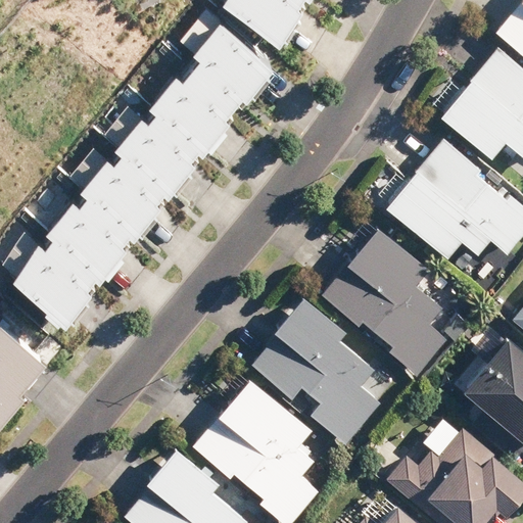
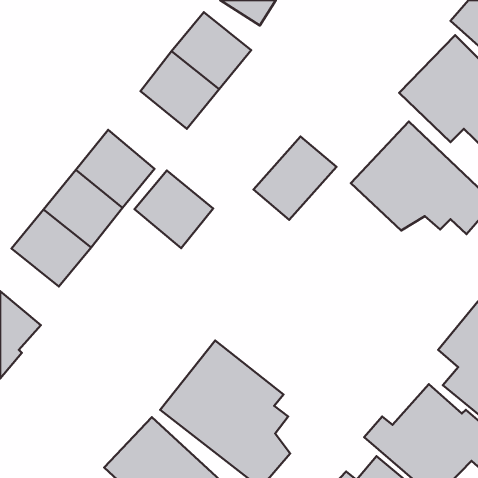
building: [124,105,208,189] -> [135,170,213,248]
building: none -> [253,136,336,220]
building: [314,221,483,387] -> none
building: [249,308,406,460] -> none

